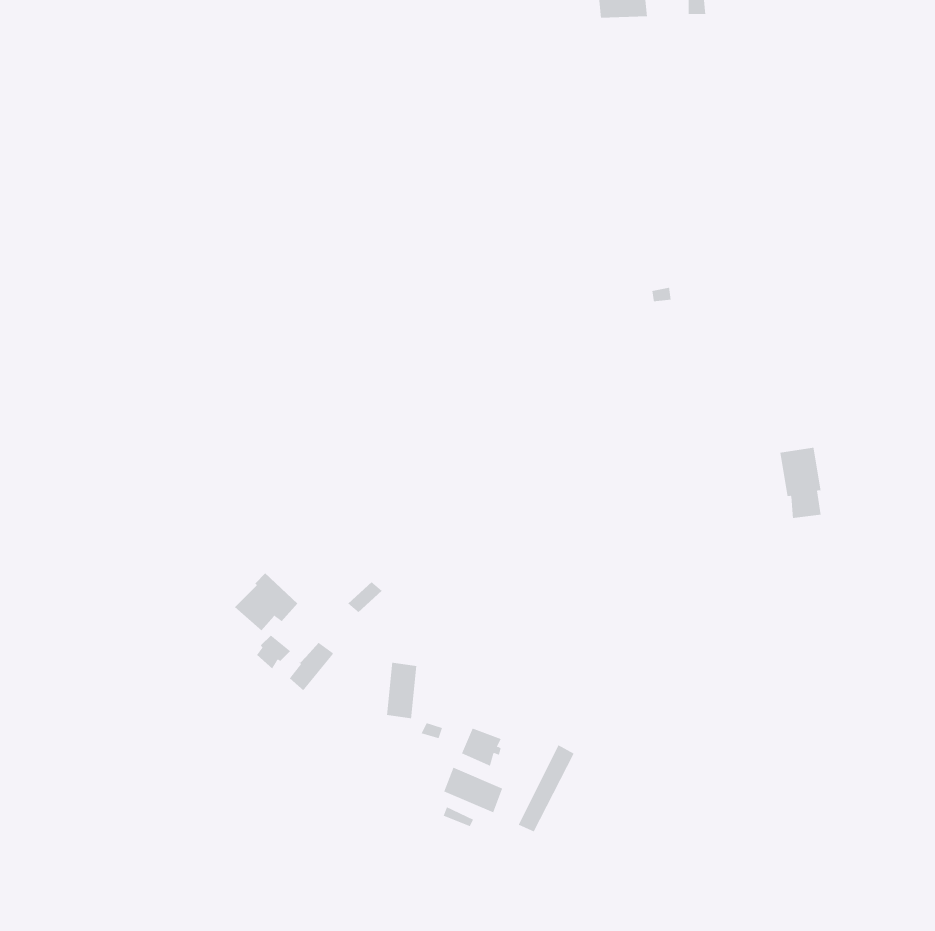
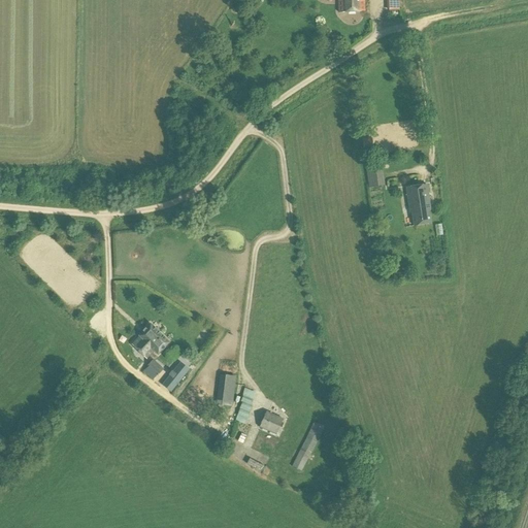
building: [779,447,822,518] -> [406,184,430,224]
building: [444,767,503,813] -> none

